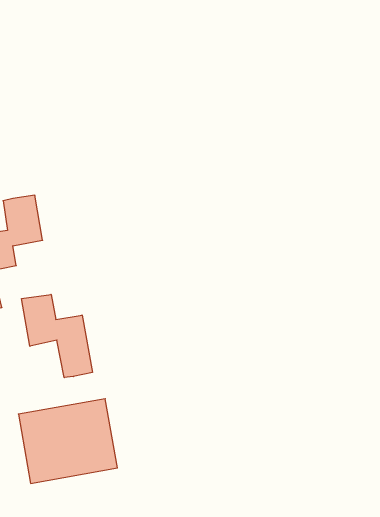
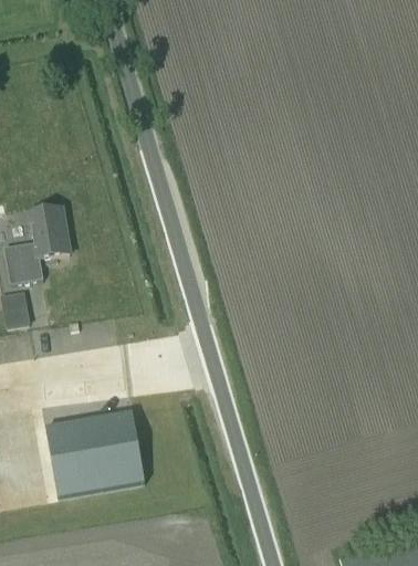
building: [22,294,92,378] -> none

